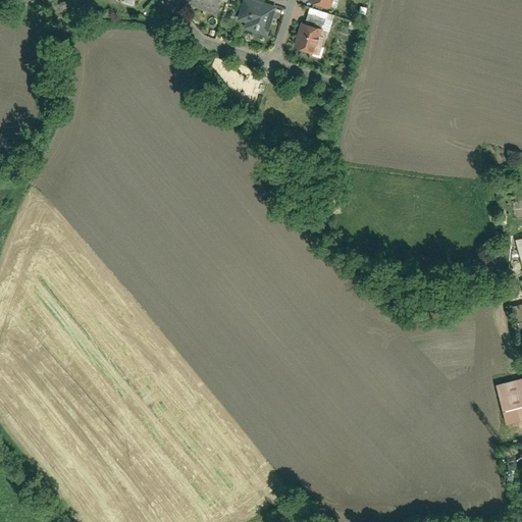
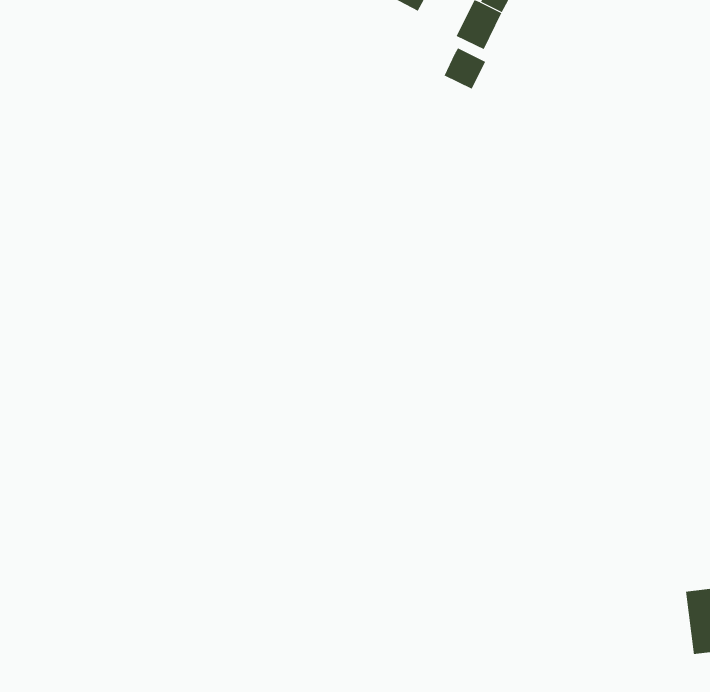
building: none -> [444,48,486,90]

